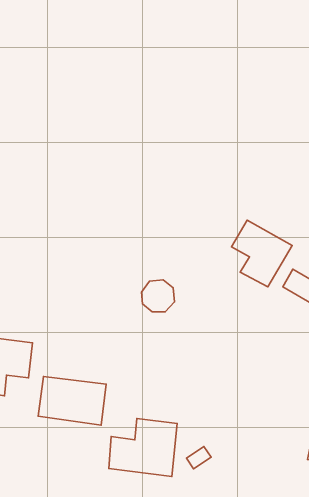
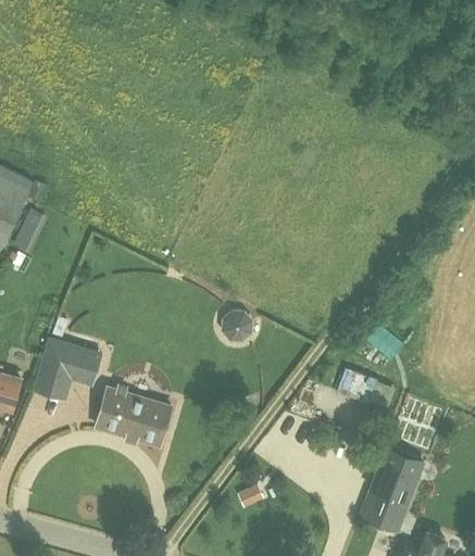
building: [232,220,292,287] -> none
building: [109,419,177,476] -> none

